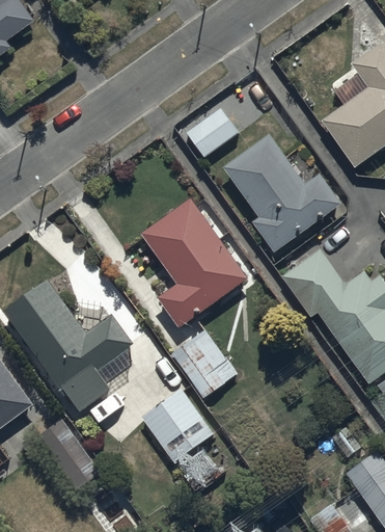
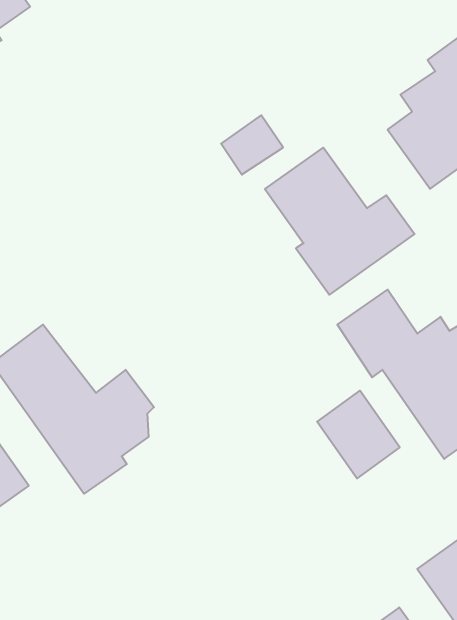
building: [140,196,247,325] -> none
building: [169,328,236,399] -> [317,391,400,478]
building: [138,385,213,462] -> none
building: [35,418,100,490] -> none

